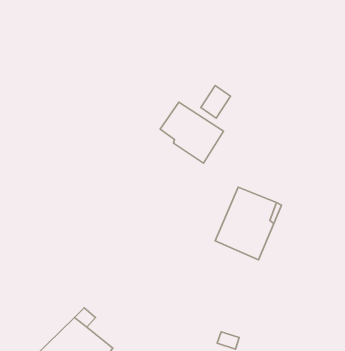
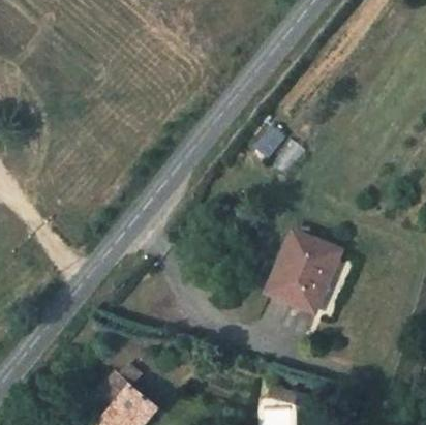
building: [160,102,223,163] -> none

